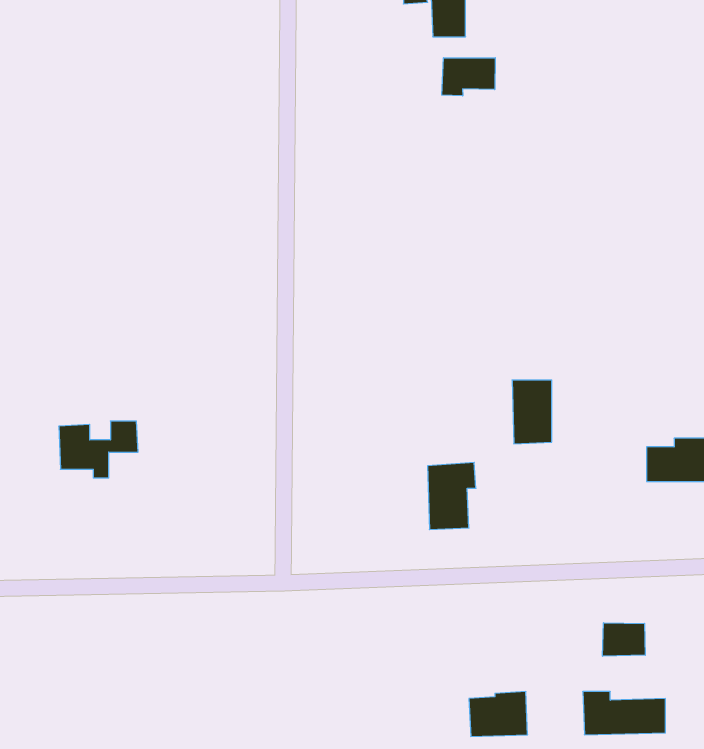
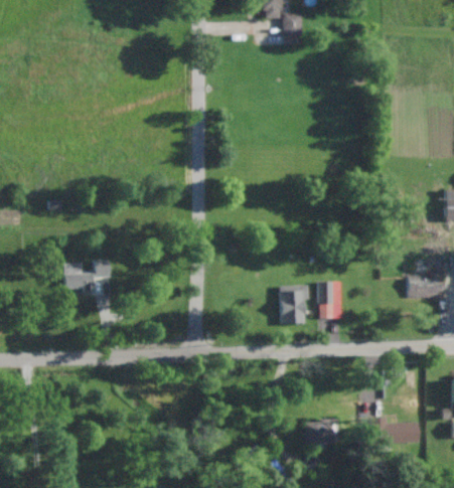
building: [442,58,495,96] -> none
building: [512,380,552,444] -> [318,282,341,319]
building: [603,623,645,656] -> none

